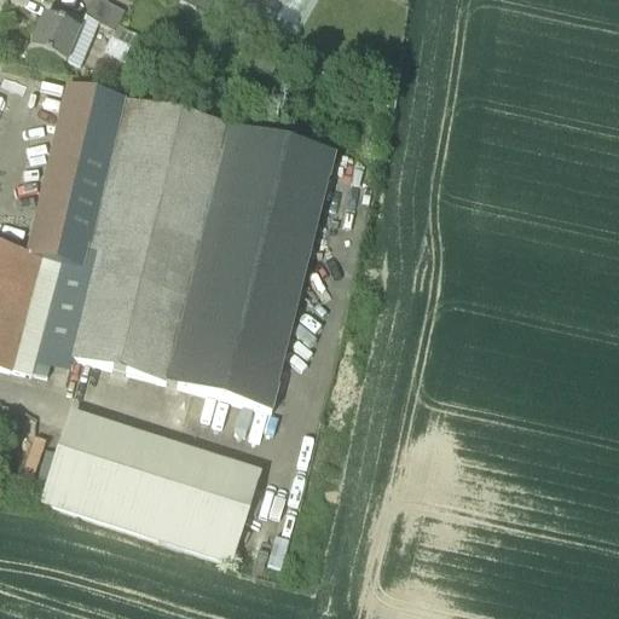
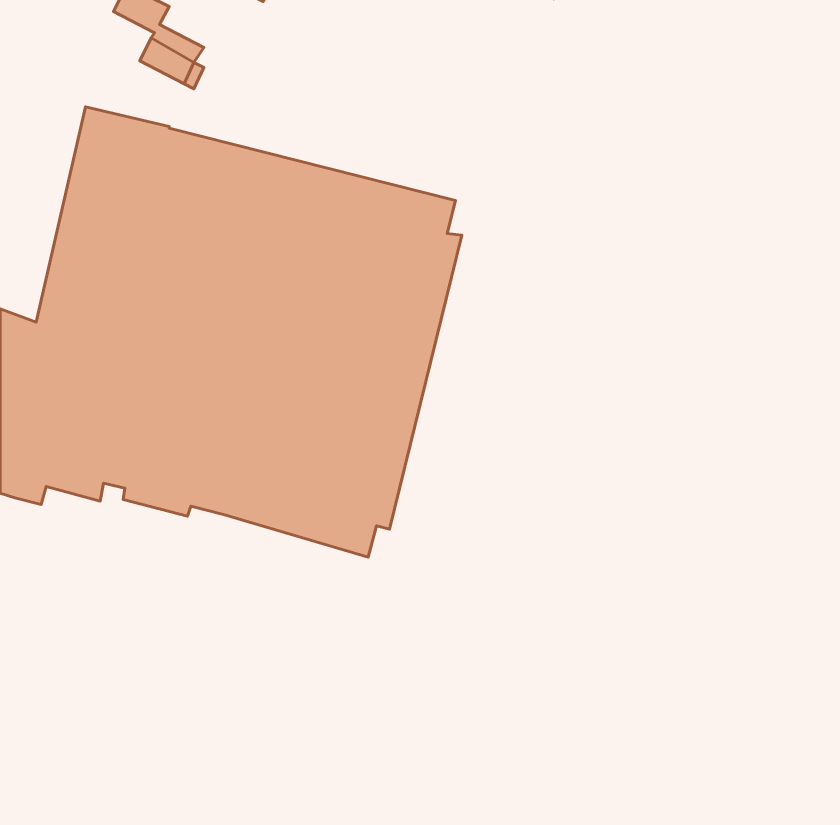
building: [28,7,80,57] -> none
building: [37,405,260,561] -> none

